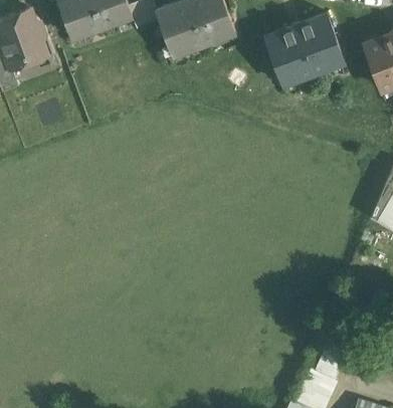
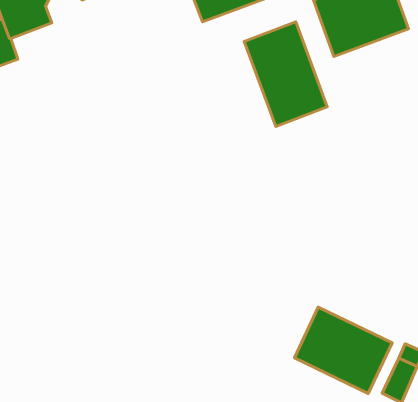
building: none -> [244,22,327,126]
building: none -> [294,307,392,393]

